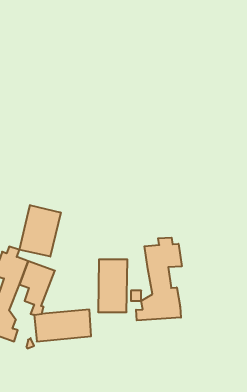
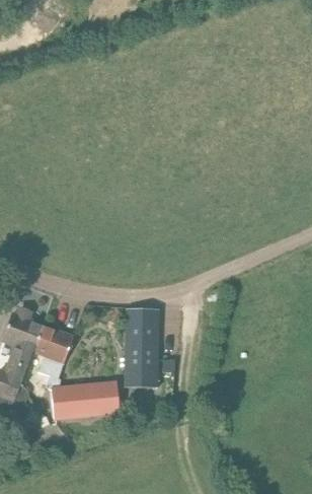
building: [19,205,61,257] -> none
building: [136,238,182,320] -> none

